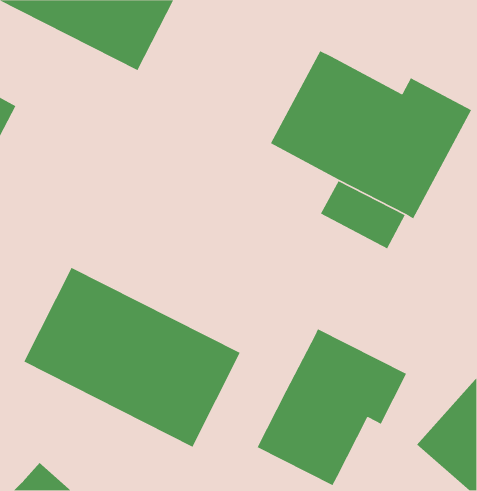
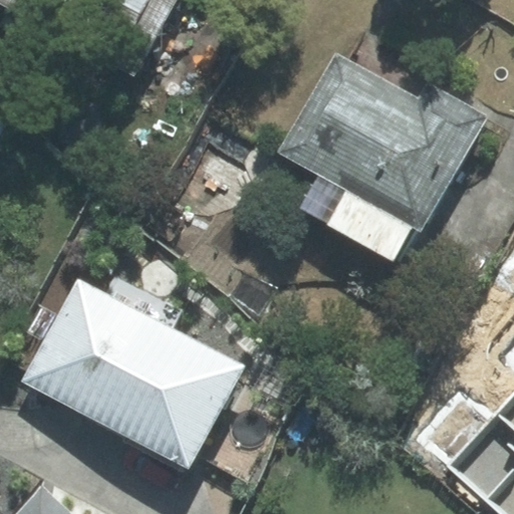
building: [257,328,407,486] -> none

